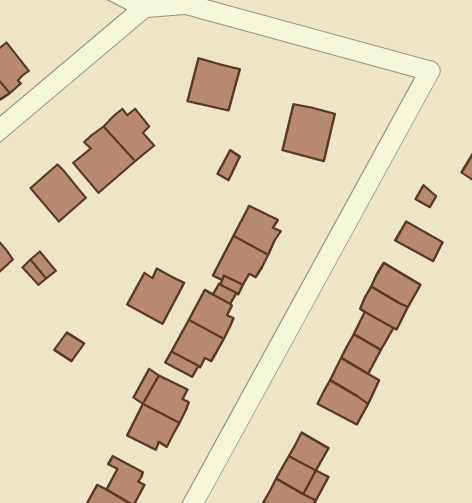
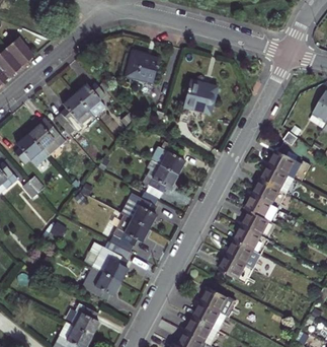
building: none -> [17,133,49,164]
building: none -> [256,166,288,195]
building: [127,269,184,324] -> none

